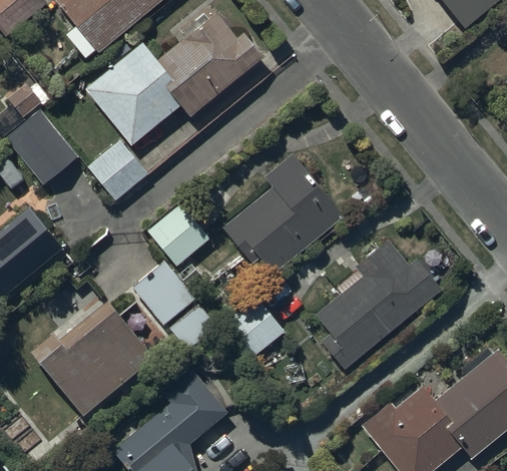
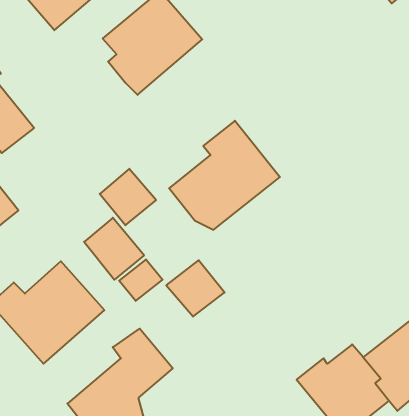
building: [89,45,177,143] -> none
building: [88,140,149,201] -> none
building: [312,238,439,367] -> none

